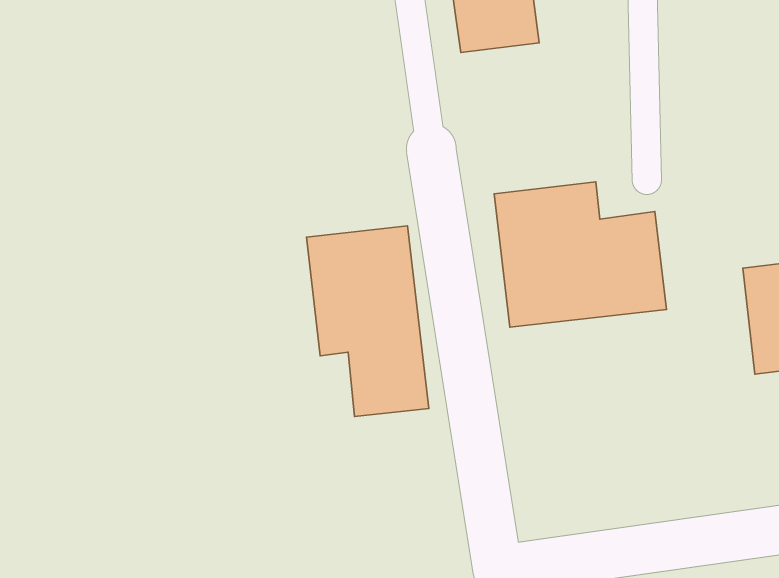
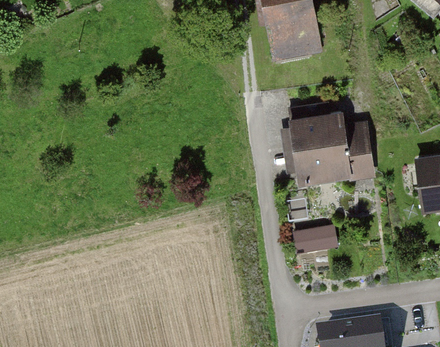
building: [307,226,429,417] -> none
building: none -> [296,225,341,253]

